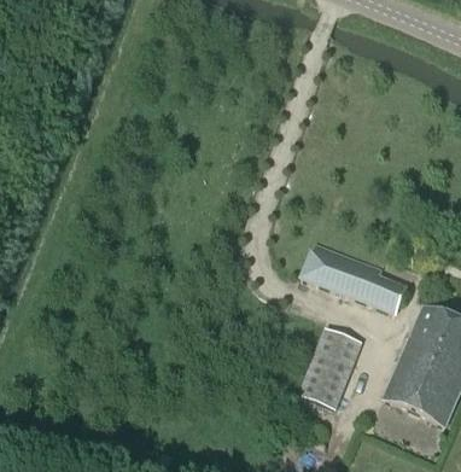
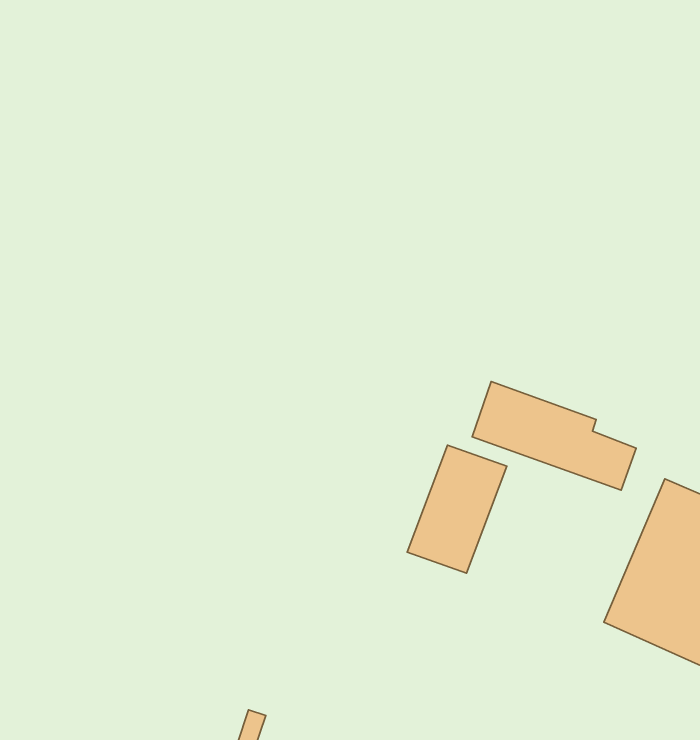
building: [300,327,363,408] -> [407,445,507,573]

